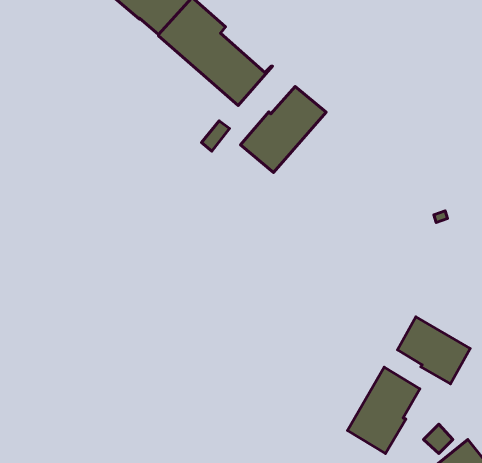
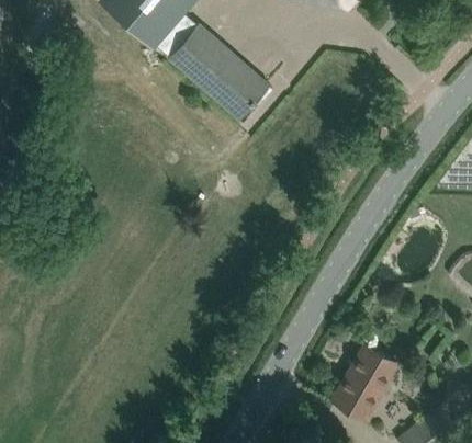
building: [241,86,326,173] -> none
building: [397,317,470,384] -> none

